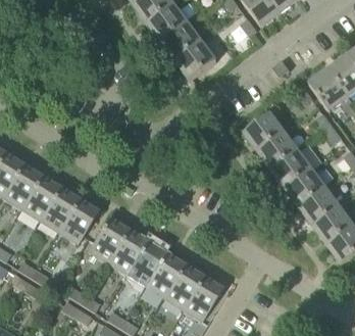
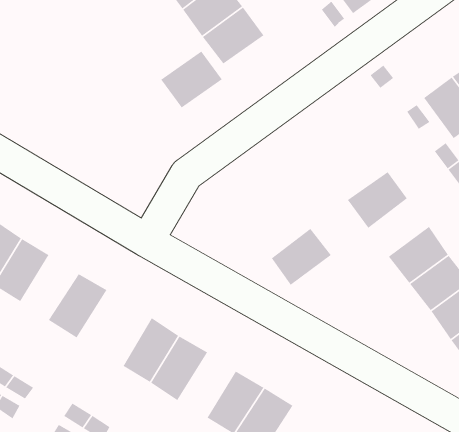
building: [175,40,217,79] -> [160,50,223,108]
building: [244,111,286,150] -> none
building: [272,149,313,188] -> [271,228,332,286]
building: [40,187,79,231] -> none
building: [89,218,128,261] -> none
building: [145,252,184,296] -> none

